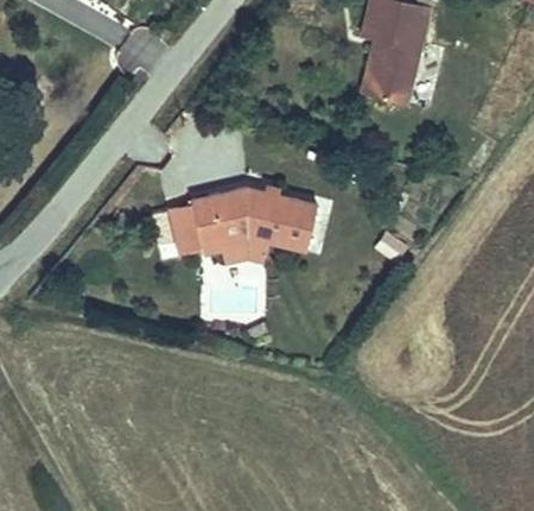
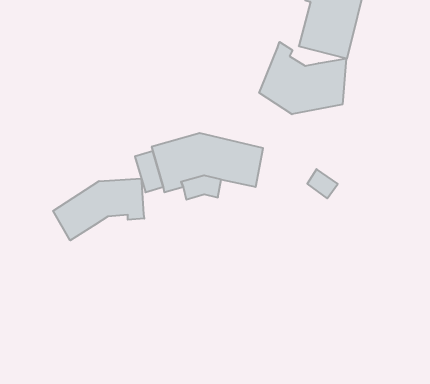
building: none -> [259,42,346,114]
building: none -> [53,178,144,240]

